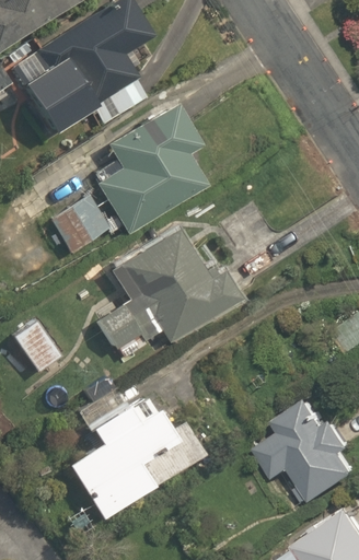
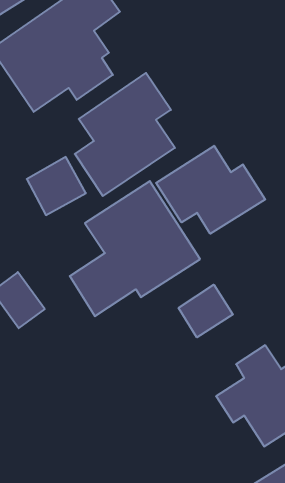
building: none -> [156,146,265,234]
building: none -> [179,285,233,337]
building: [68,385,204,516] -> none

